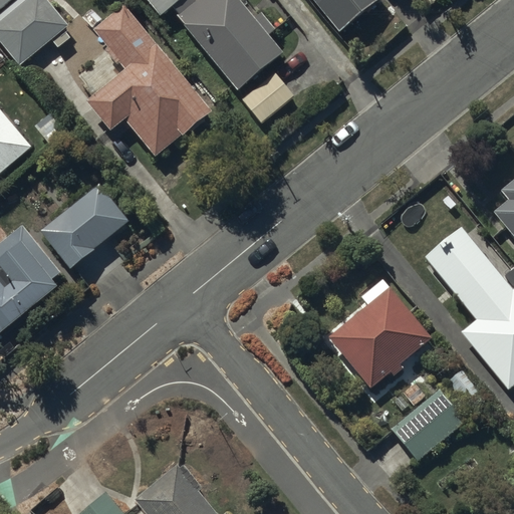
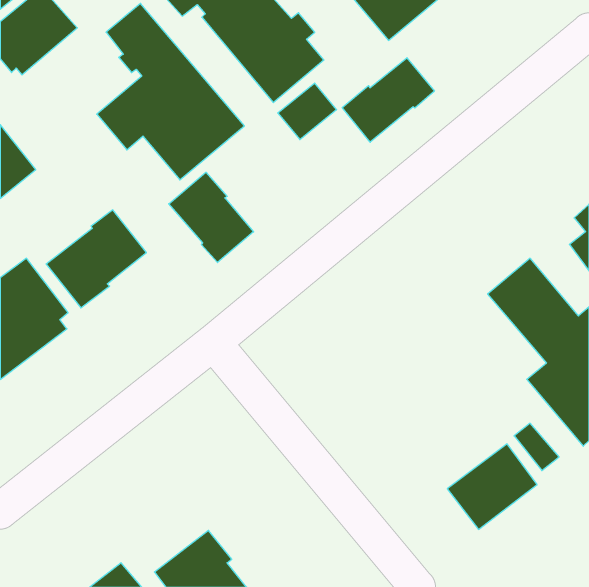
building: none -> [342,58,434,142]
building: none -> [169,172,254,263]
building: [328,276,431,388] -> none

